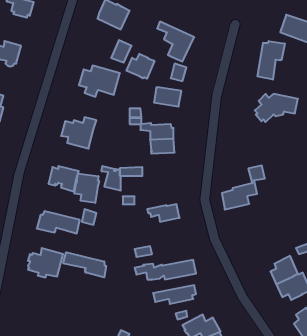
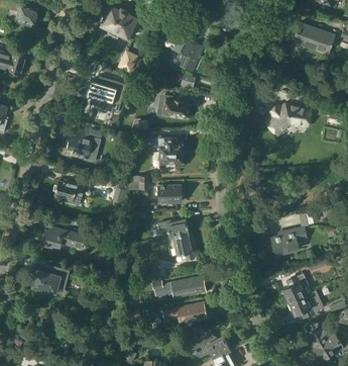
building: [257,41,285,80] -> none
building: [126,54,154,79] -> none
building: [222,166,265,210] -> [271,209,316,255]
building: none -> [158,185,184,202]
building: [75,174,99,203] -> none
building: none -> [168,234,194,261]
building: [63,252,106,277] -> none

